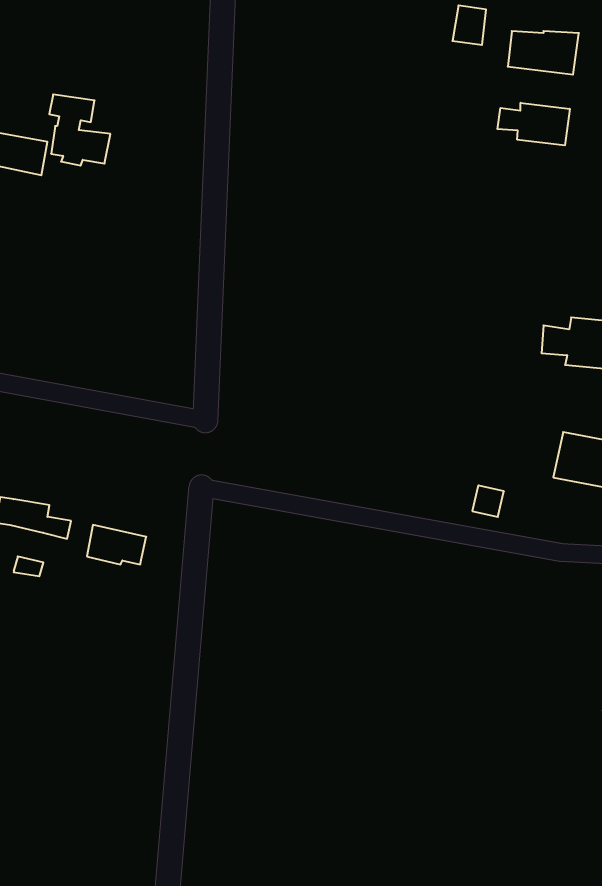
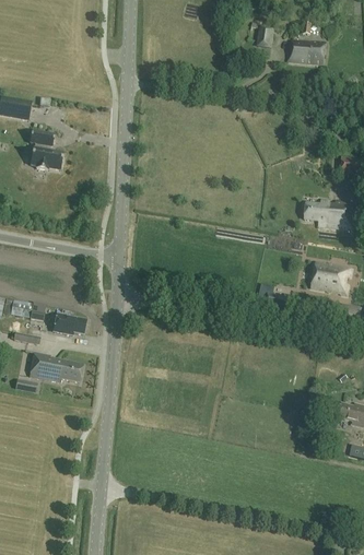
building: [49,94,110,166] -> [28,131,62,170]
building: [497,103,570,145] -> none
building: none -> [28,352,81,381]

